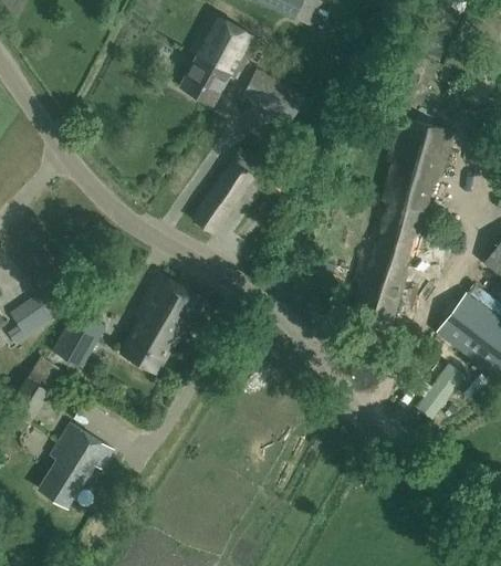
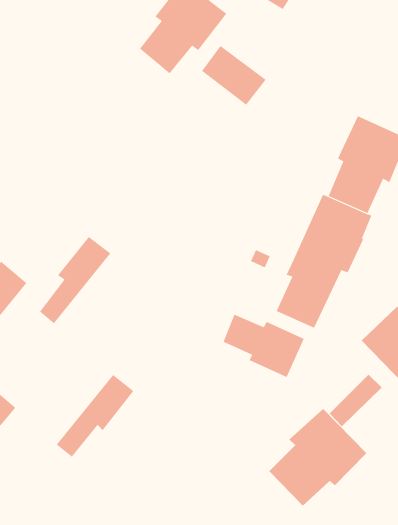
building: [192,151,273,234] -> none
building: [138,287,206,374] -> [56,374,134,457]
building: none -> [223,314,305,378]
building: none -> [268,408,367,507]

